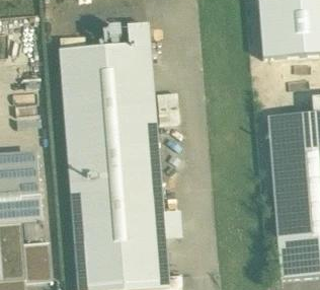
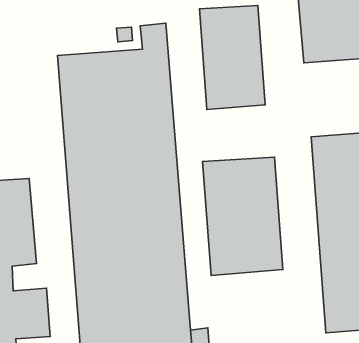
building: none -> [199,6,265,110]
building: none -> [203,157,283,275]

